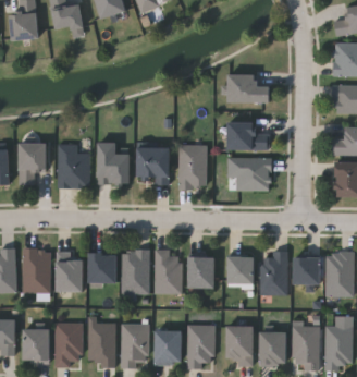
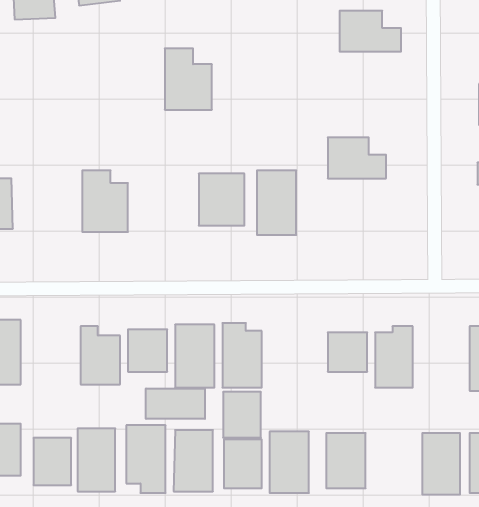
building: [229,73,271,101] -> [340,11,401,52]
building: [98,142,131,184] -> [165,48,212,110]
building: [19,143,47,184] -> none
building: [227,157,271,191] -> none
building: [22,248,50,292] -> none
building: [188,256,214,288] -> [223,392,261,438]
building: [295,258,320,284] -> none
building: none -> [146,388,205,419]
building: [260,332,286,364] -> none

